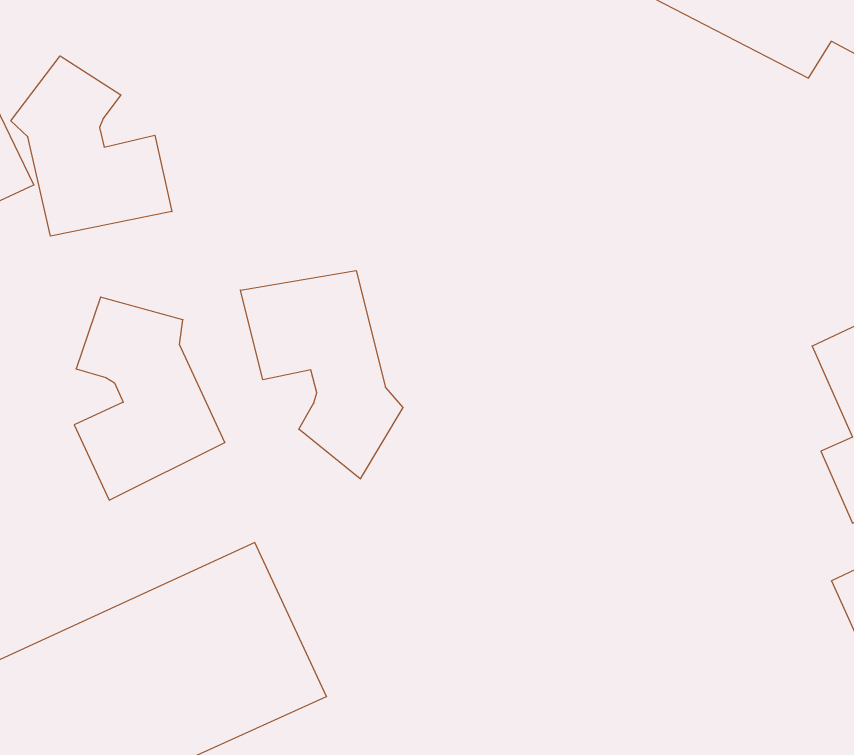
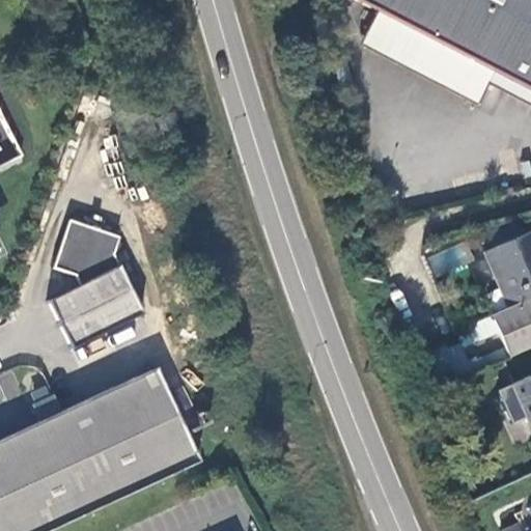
building: [11,56,172,236] -> none
building: [240,271,403,479] -> none

